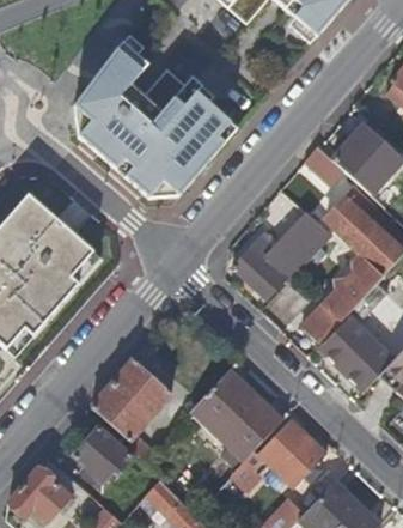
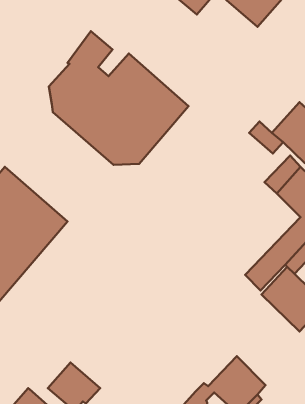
building: [233,211,332,297] -> none
building: [92,357,173,459] -> none
building: [191,369,281,460] -> none

